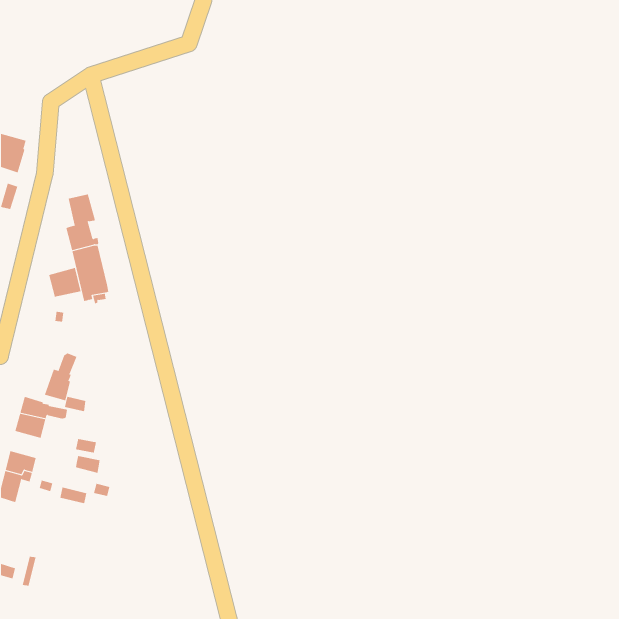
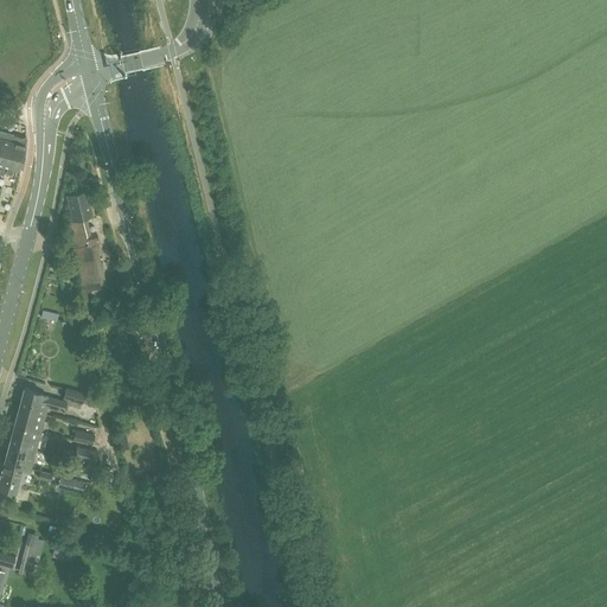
building: [48,267,81,298] -> none
building: [44,352,77,401] -> none
building: none -> [9,422,40,448]

